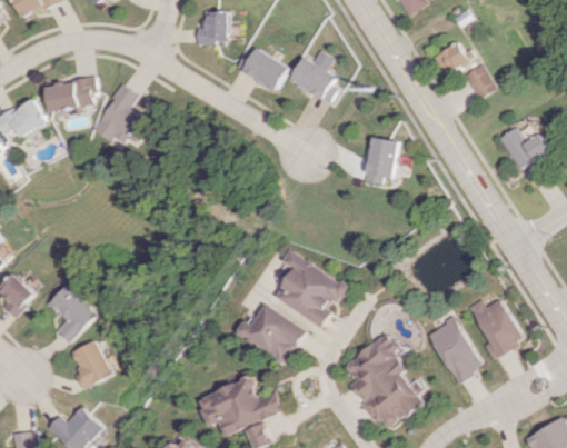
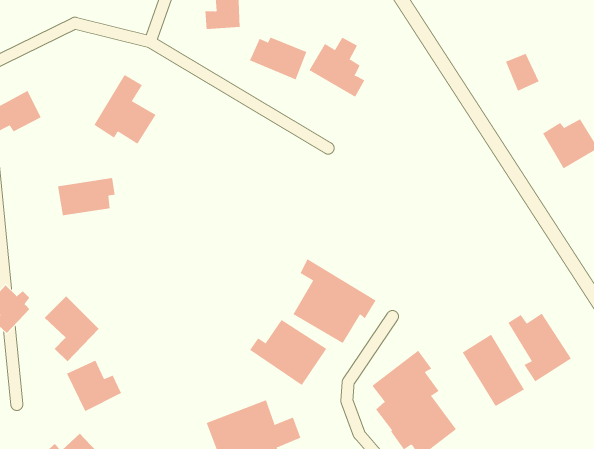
building: [432,41,469,77] -> none
building: [47,77,99,111] -> [57,177,115,216]
building: [365,137,398,185] -> none

